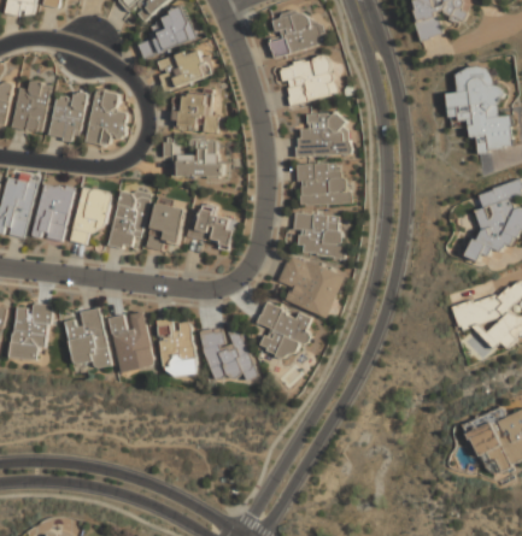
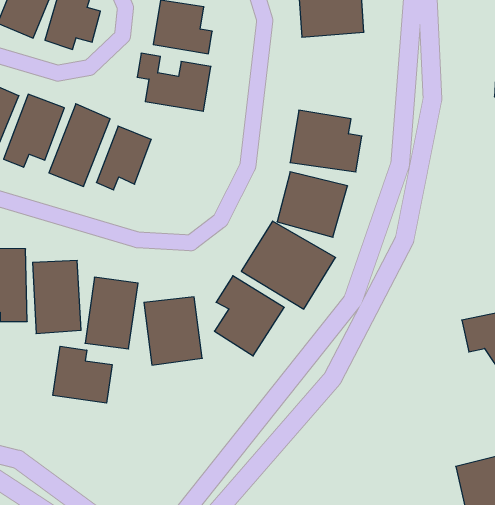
building: [295,112,348,157] -> none
building: [187,206,236,248] -> none
building: none -> [53,346,112,403]

